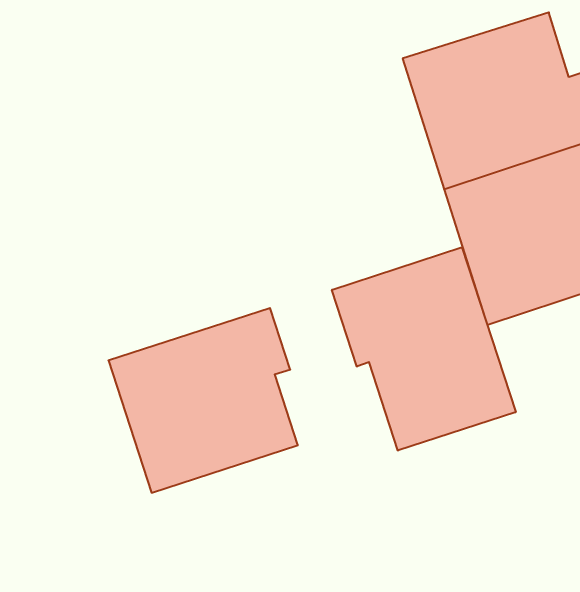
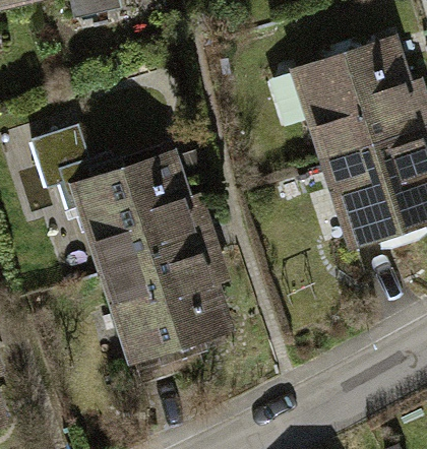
building: none -> [54,125,209,274]
building: [332,247,516,451] -> none

